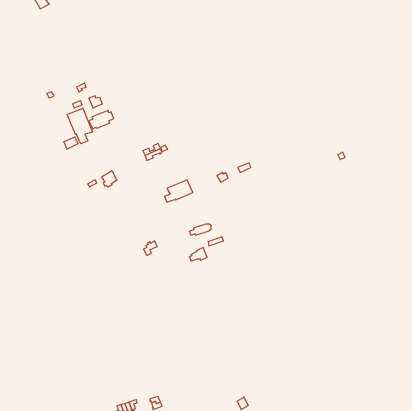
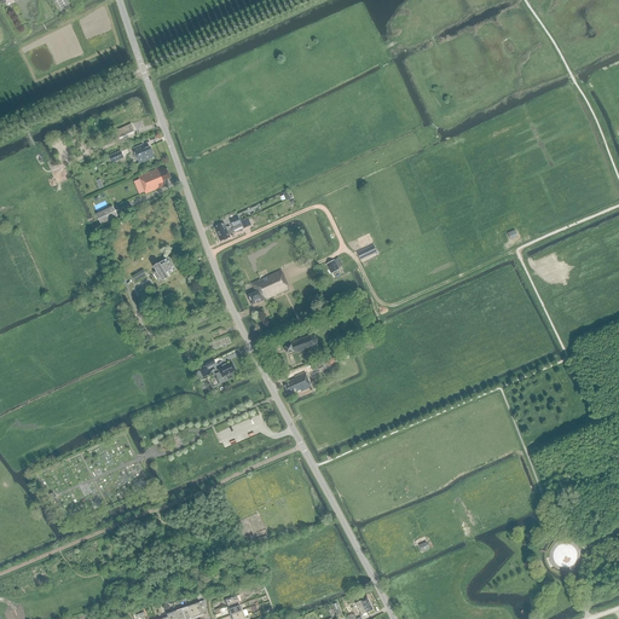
building: [67,108,92,144] -> none

